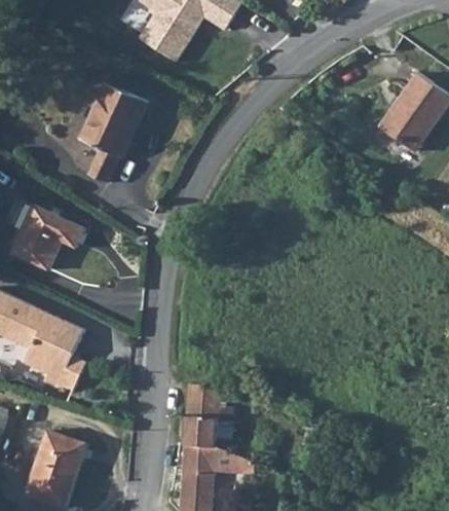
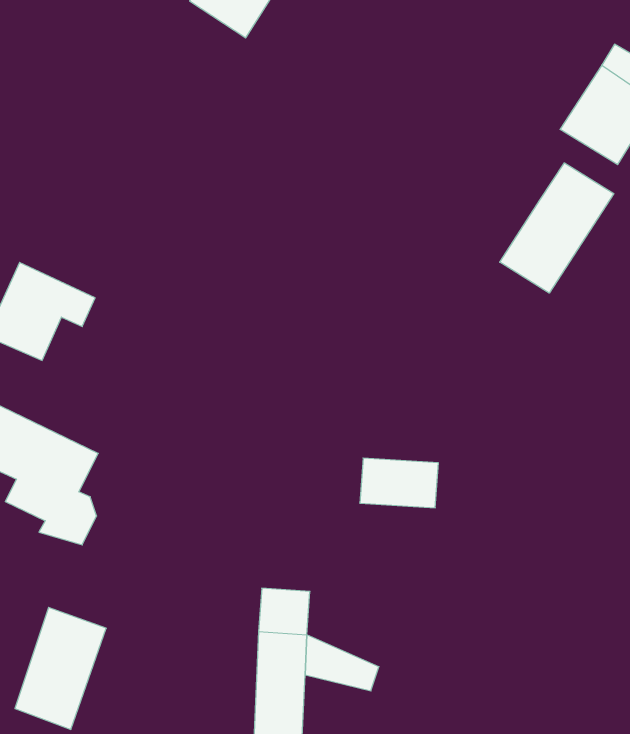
building: [75,82,142,182] -> none
building: none -> [500,163,614,293]
building: [186,387,236,418] -> [360,458,438,508]

